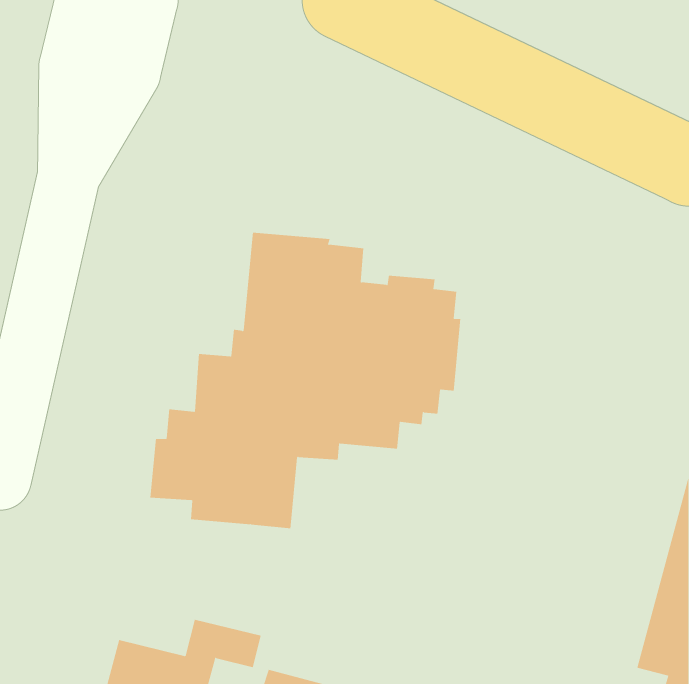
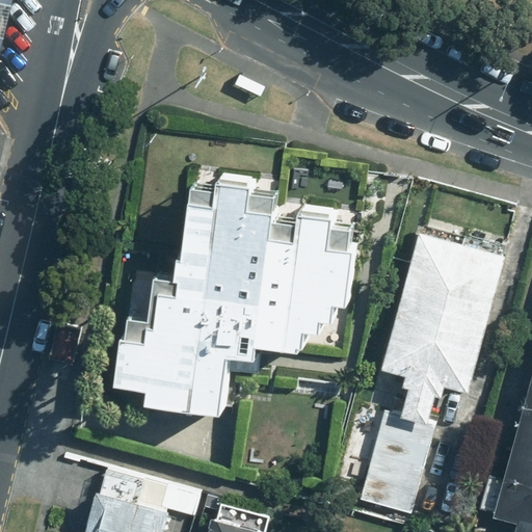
building: none -> [360,231,505,517]

